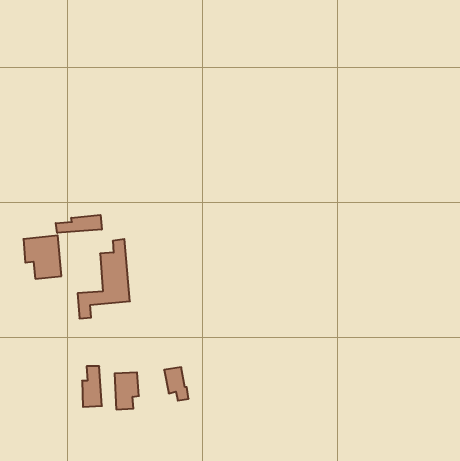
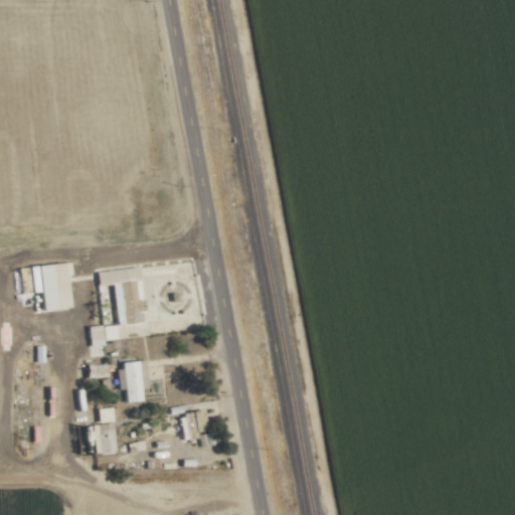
building: [56,215,102,233] -> none
building: [115,372,139,409] -> [121,361,148,402]

